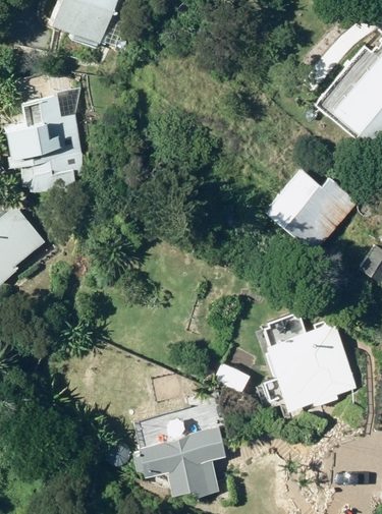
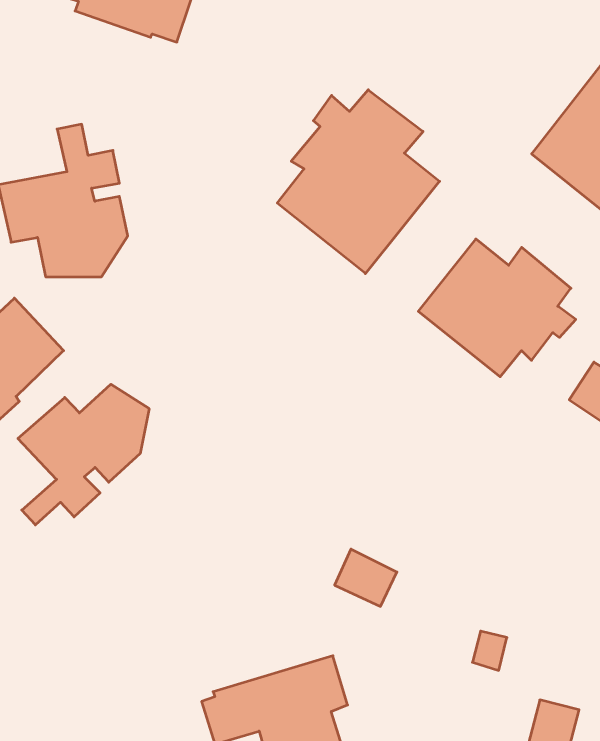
building: none -> [277,90,440,274]
building: none -> [18,384,149,525]
building: [262,320,359,412] -> none

